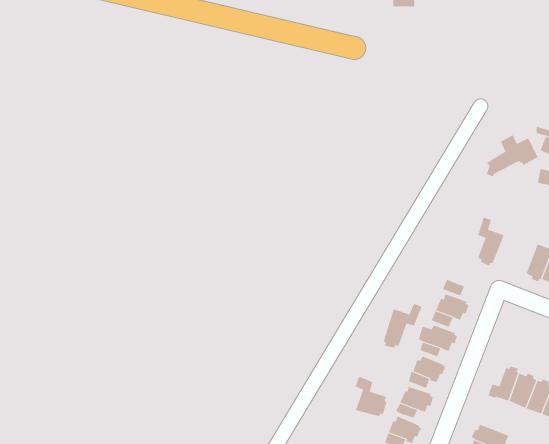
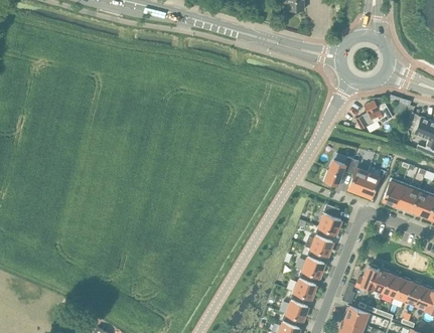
building: none -> [323,157,352,184]
building: none -> [359,170,387,197]
building: [383,303,422,348] -> none
building: [355,376,387,417] -> none

